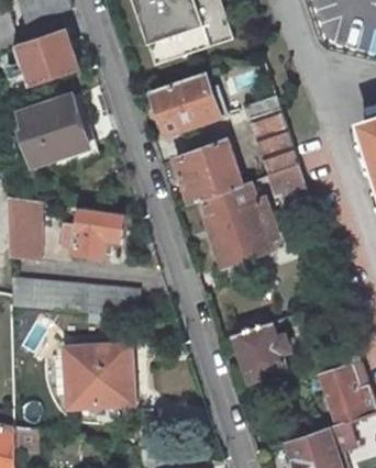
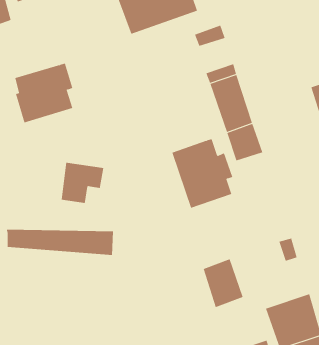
building: [18,27,78,86] -> none
building: [151,70,217,135] -> none
building: [175,143,241,204] -> none
building: [5,198,37,264] -> none
building: [66,346,134,410] -> none

